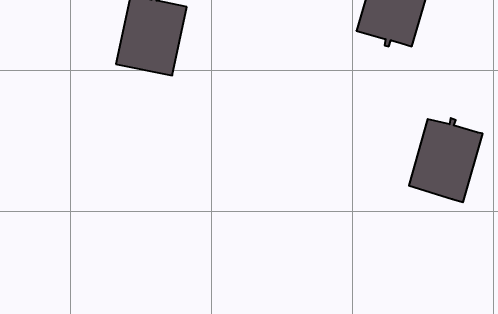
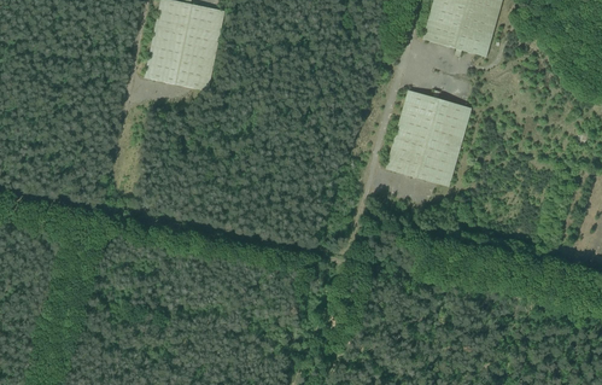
building: [409,118,483,202] -> [386,88,472,186]

